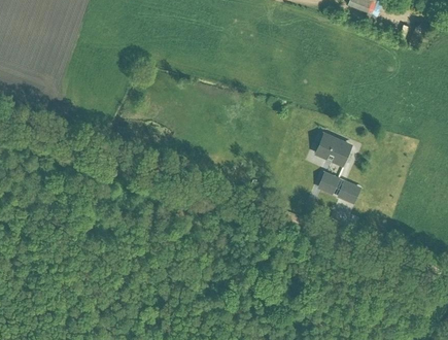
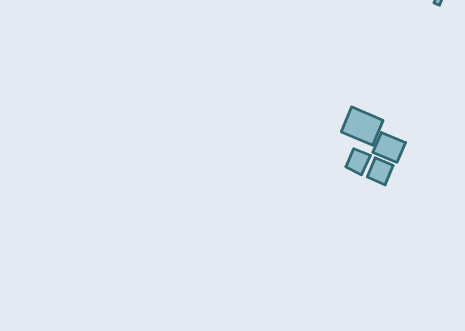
building: none -> [373,132,406,162]

